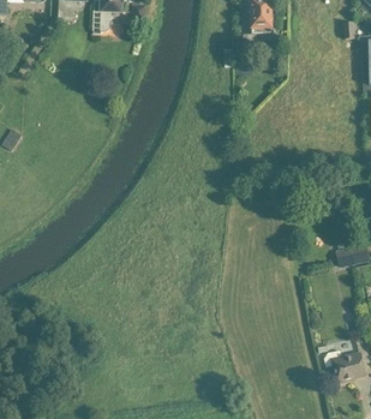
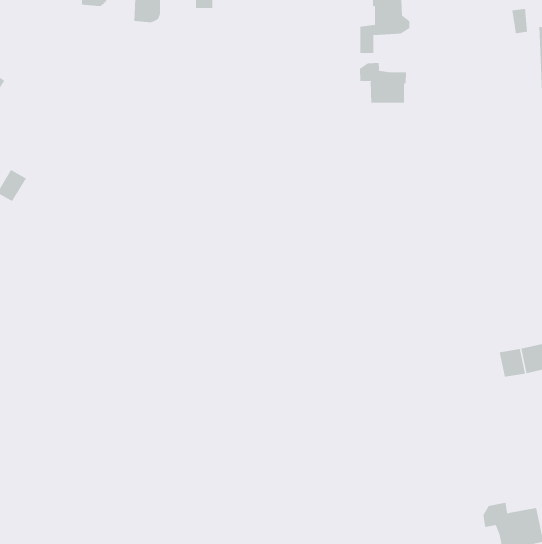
building: none -> [360,62,406,104]

